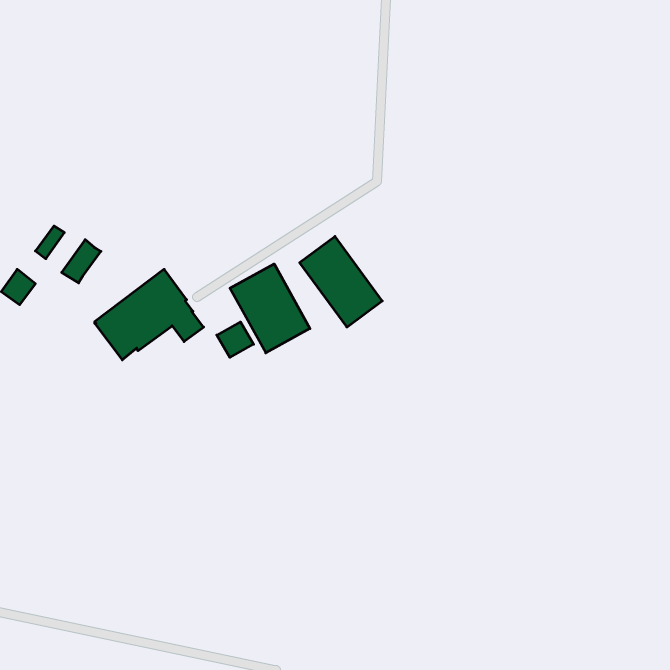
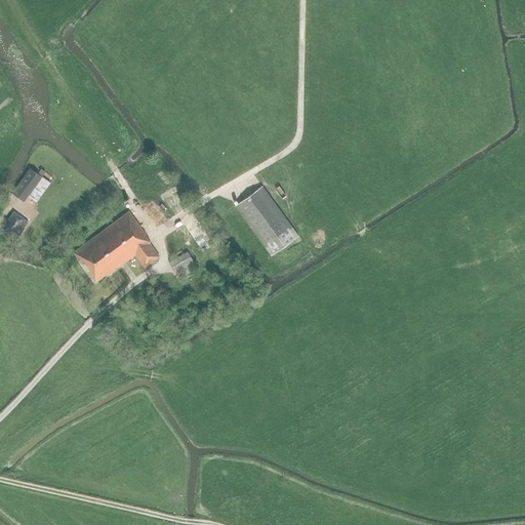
building: [62,240,101,283] -> [12,167,43,201]
building: [230,264,310,353] -> none

